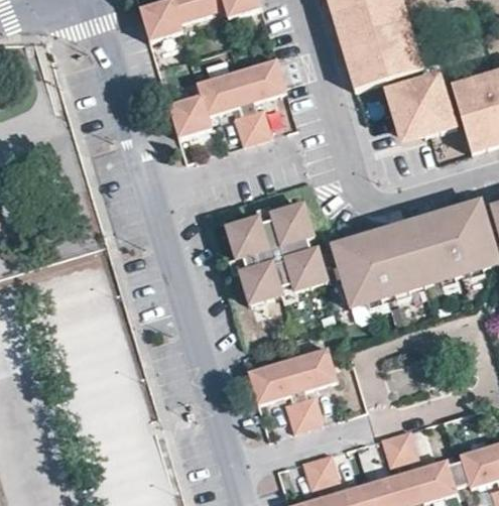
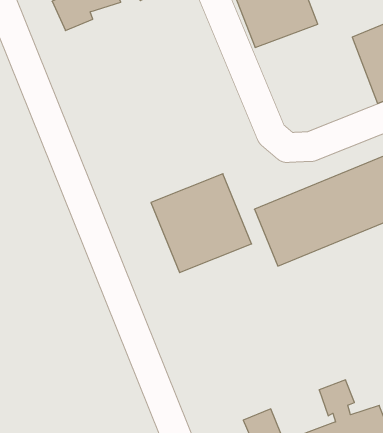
building: [172,62,286,148] -> none
building: [381,70,450,138] -> none
building: [249,349,335,430] -> none

